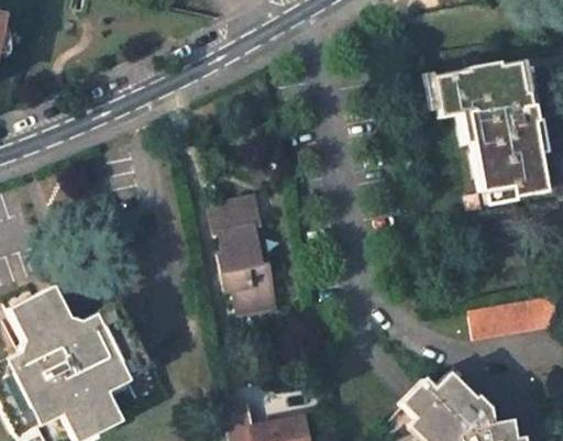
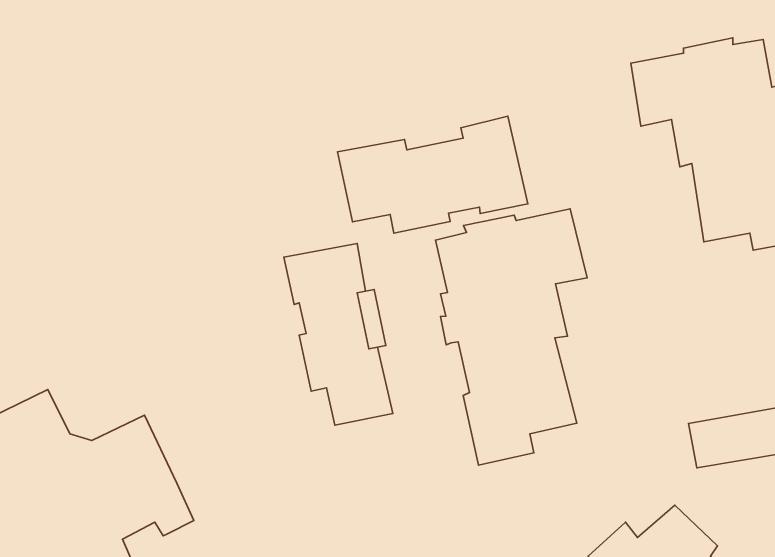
building: none -> [338,116,528,233]
building: none -> [435,209,587,465]

